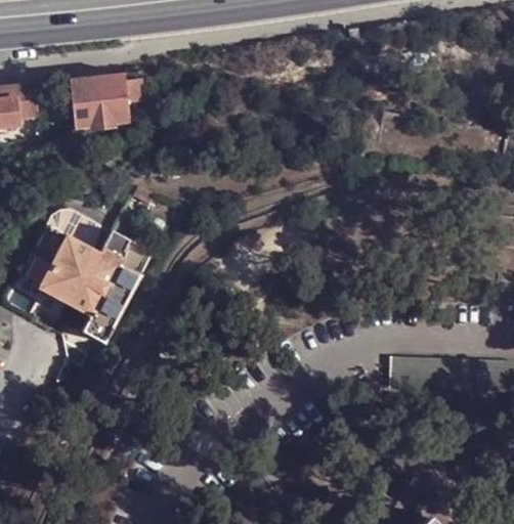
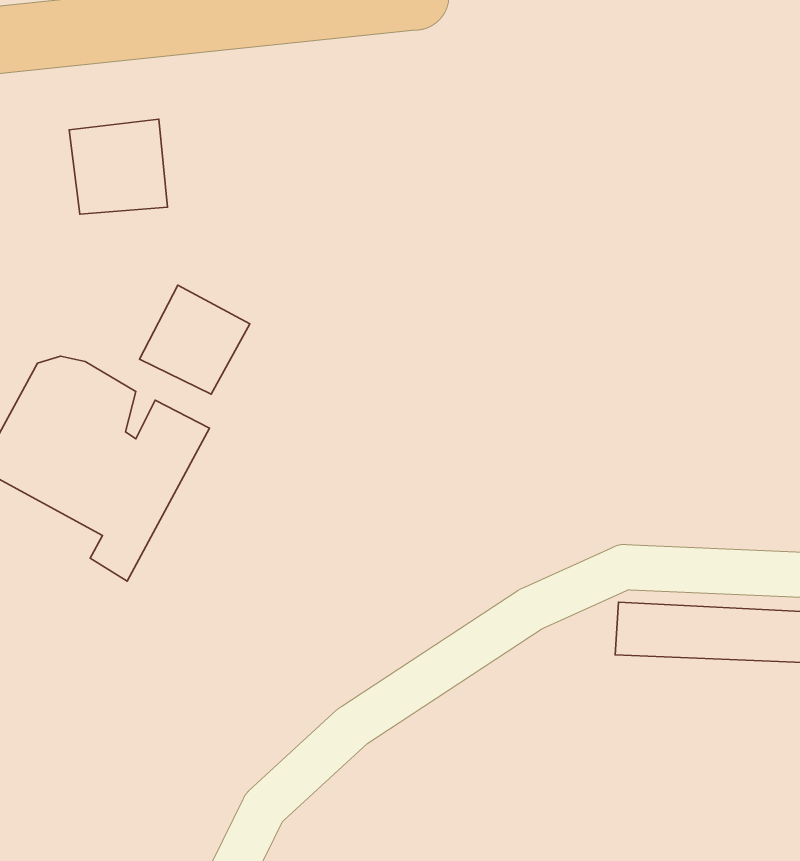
building: none -> [140,285,250,394]

